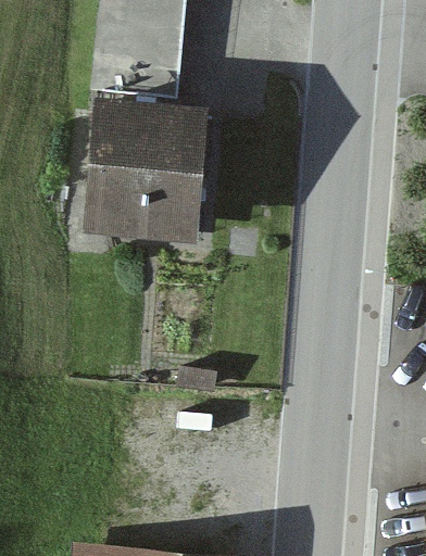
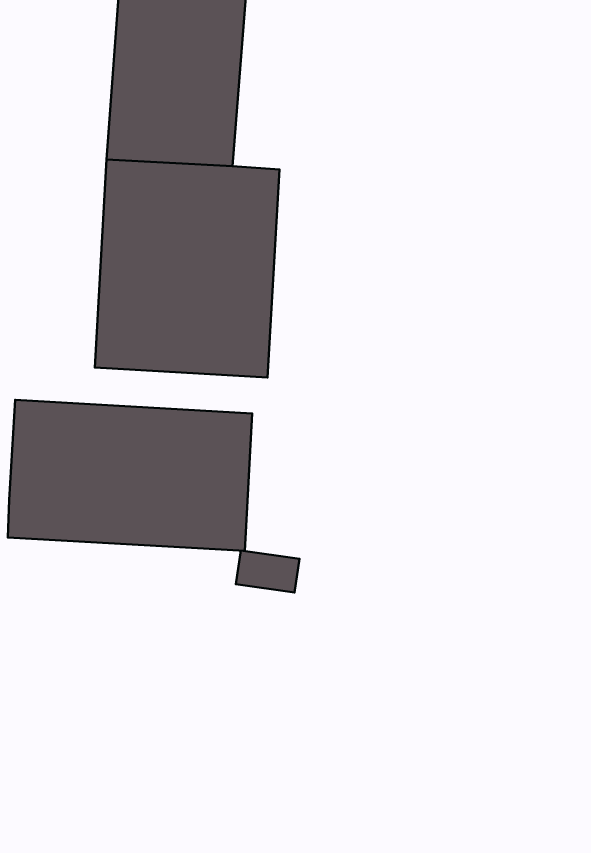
building: none -> [8,400,252,551]

